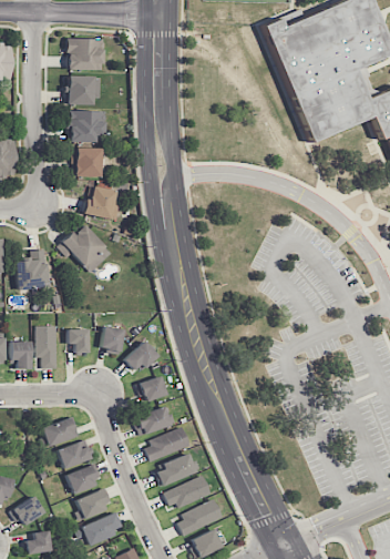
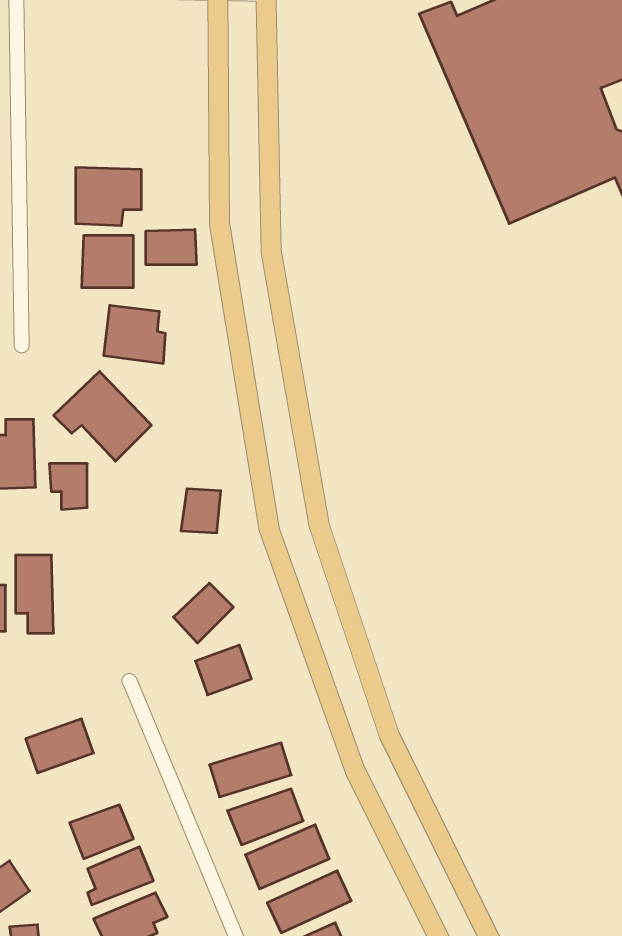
building: [69,38,105,70] -> none
building: [68,75,100,104] -> none
building: none -> [146,229,196,265]
building: [102,327,124,352] -> [181,489,221,533]
building: [69,328,90,354] -> [49,464,87,509]
building: [136,407,172,435] -> none
building: [60,443,93,467] -> none

